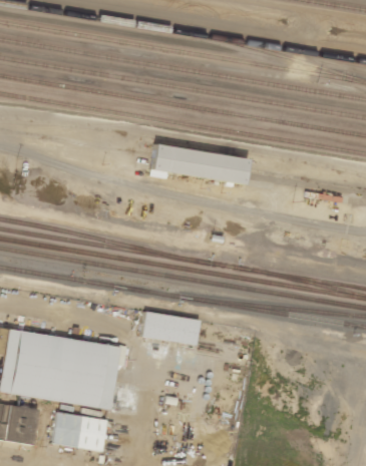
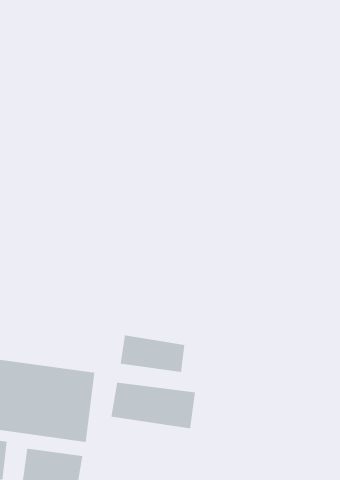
building: [152,144,250,182] -> none
building: none -> [111,382,196,429]

